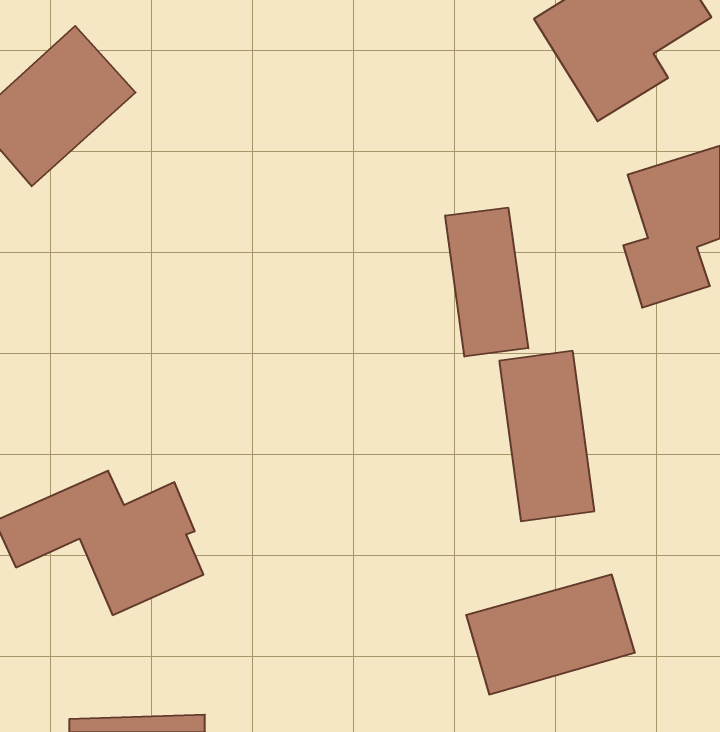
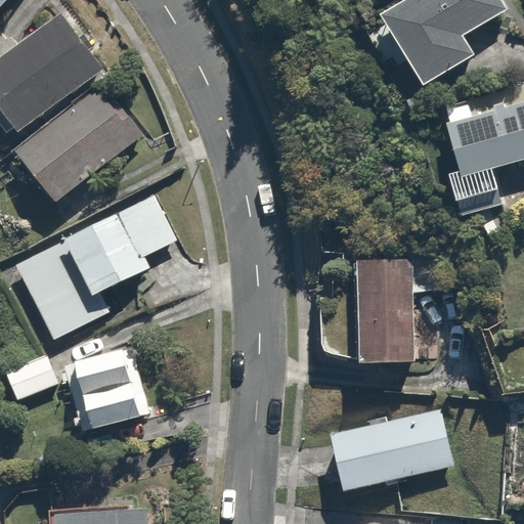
building: none -> [19,87,138,202]
building: [445,208,528,357] -> none
building: none -> [10,195,172,342]

